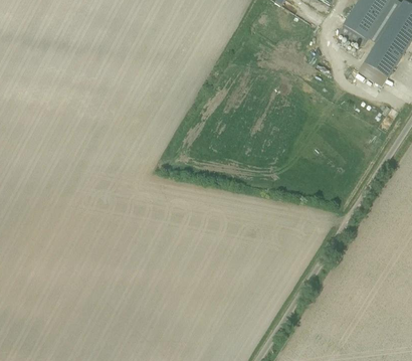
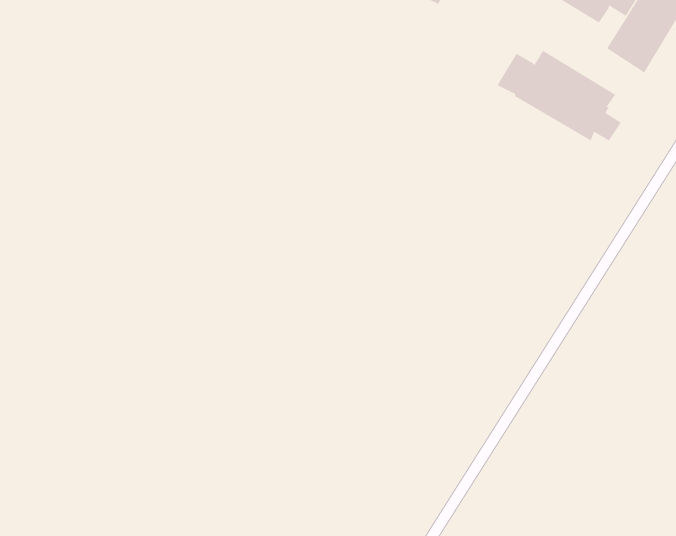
building: none -> [496,50,622,142]

